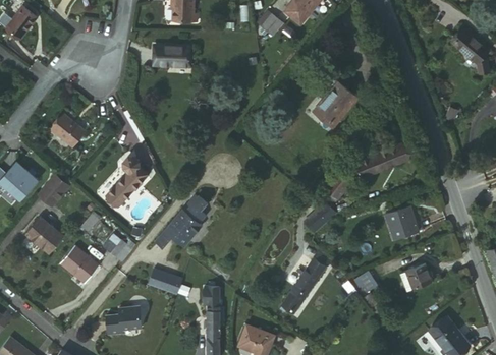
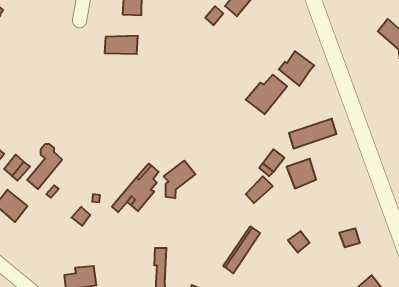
building: none -> [279,51,314,86]
building: [48,114,80,144] -> none
building: [106,154,146,204] -> [27,144,62,189]
building: none -> [164,161,195,198]
building: [385,211,419,244] -> [287,159,316,188]
building: [59,248,97,284] -> none
building: [150,269,181,292] -> none

